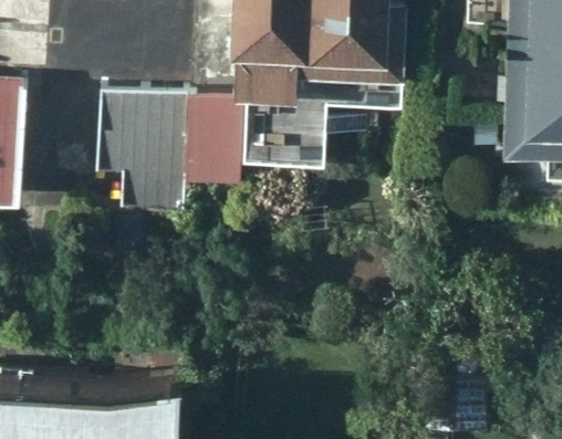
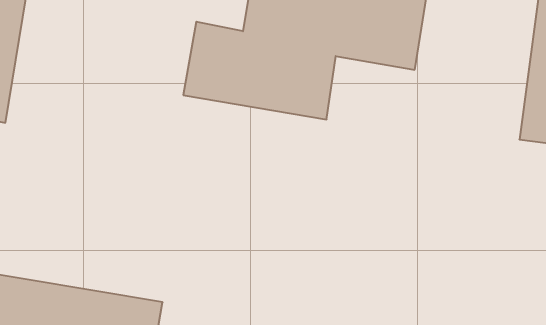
building: [93,86,183,206] -> none

